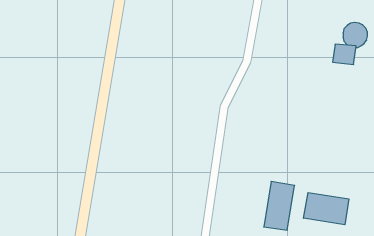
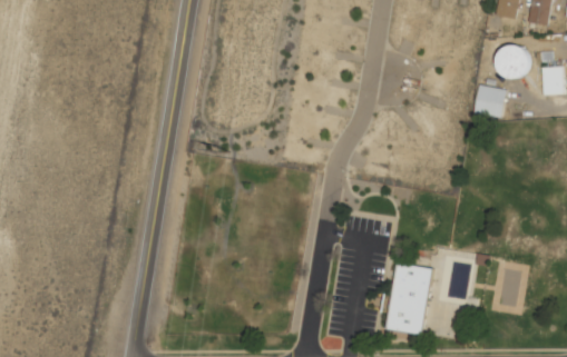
building: [304,193,349,225] -> none

